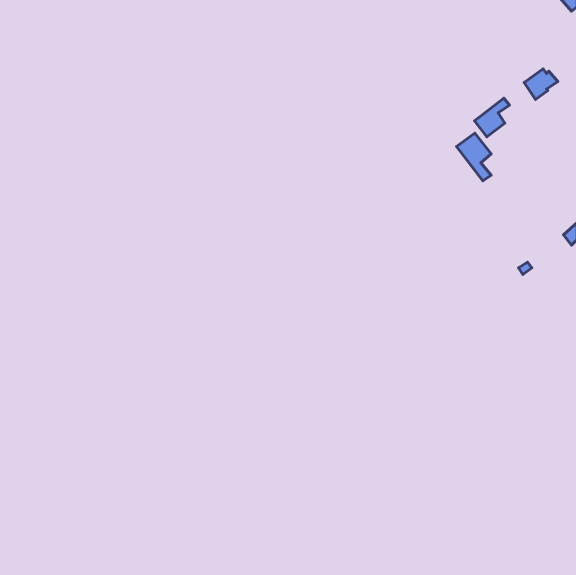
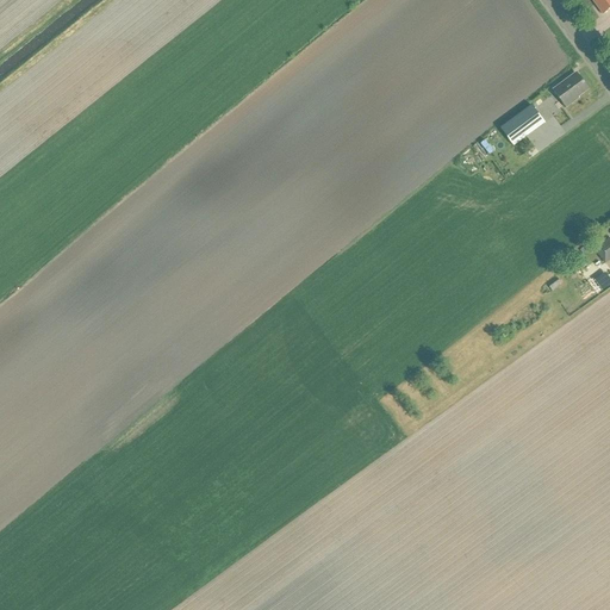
building: [457,133,491,181] -> none

